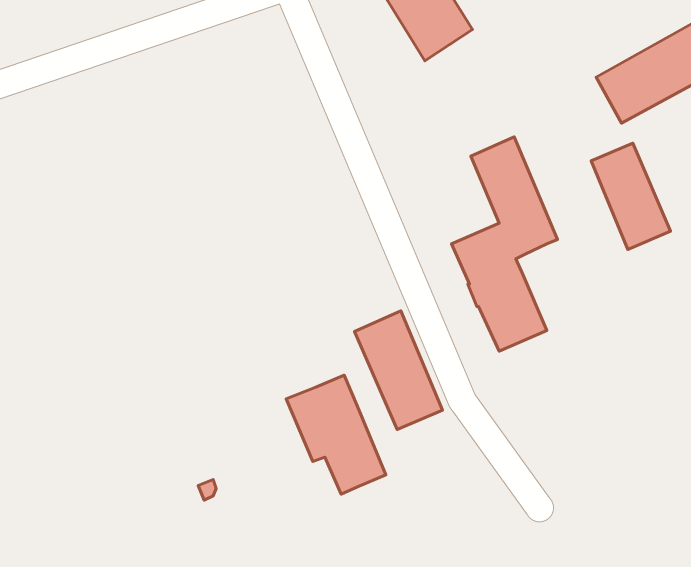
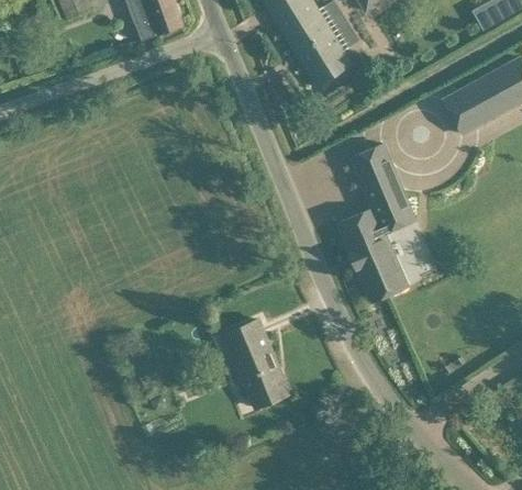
building: [591,143,670,250] -> none
building: [355,311,443,430] -> none

